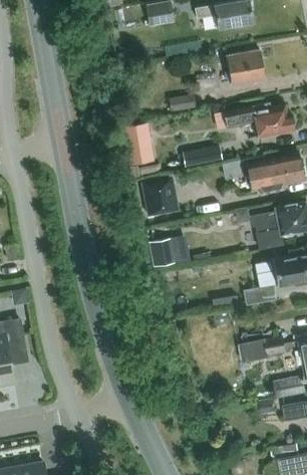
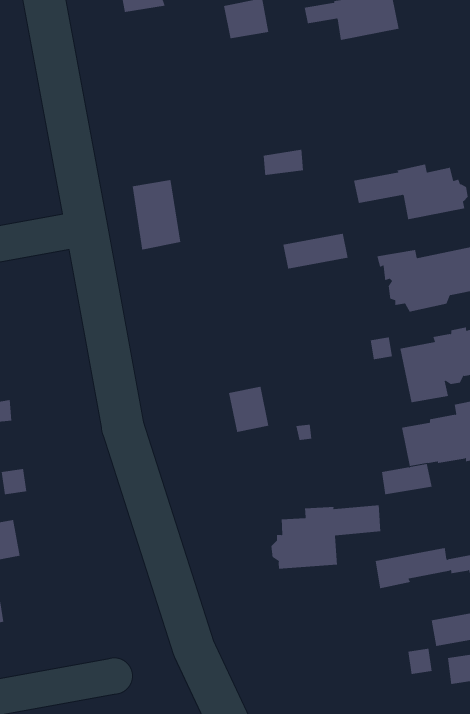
building: [227,49,266,84] -> none
building: [124,123,155,166] -> [132,179,181,250]
building: [141,178,174,215] -> none
building: none -> [271,505,381,570]

